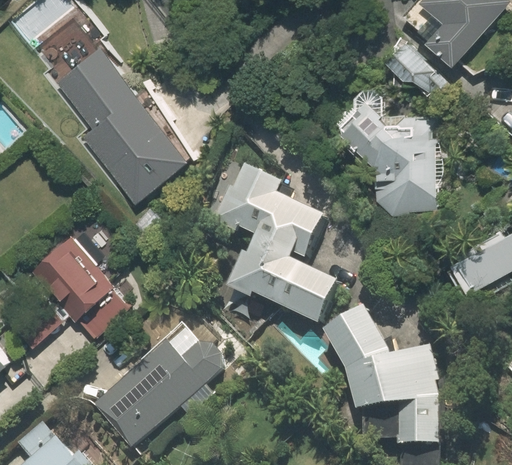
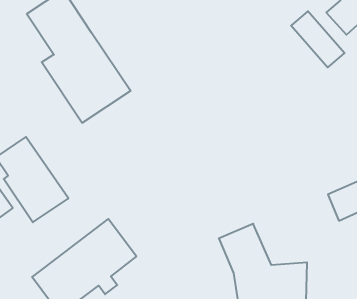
building: [338,100,441,213] -> none
building: [215,166,336,328] -> none

